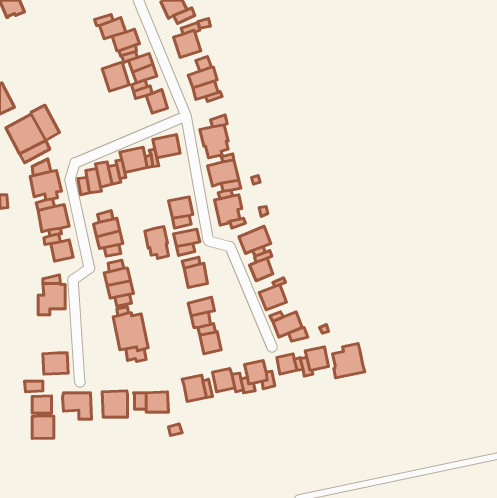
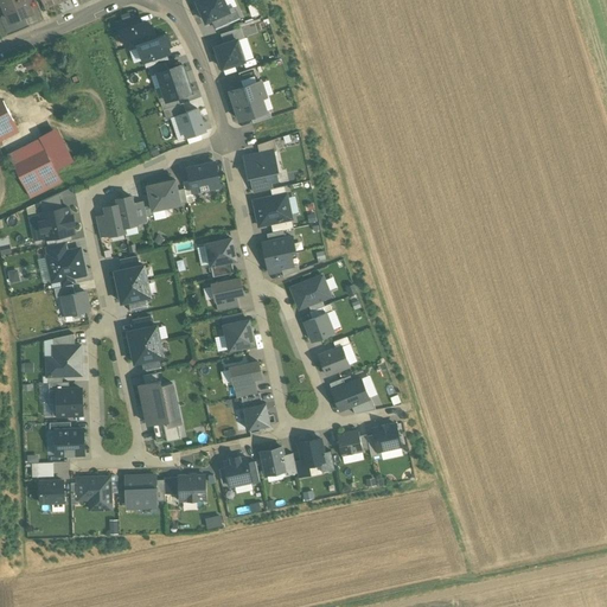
building: [102,62,129,91] -> none
building: [145,226,168,259] -> none
building: none -> [49,390,82,416]
building: [332,343,365,378] -> none
building: [32,416,54,439] -> none

